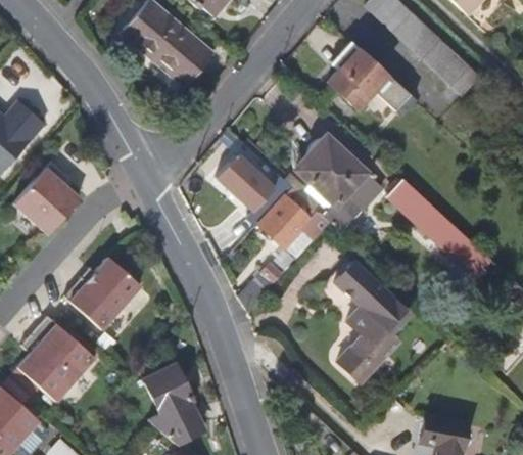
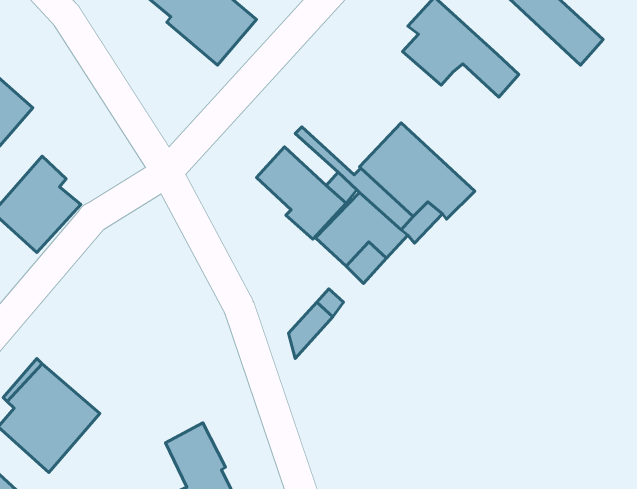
building: [385,178,486,273] -> none
building: [64,257,140,329] -> none
building: [334,262,407,382] -> none

